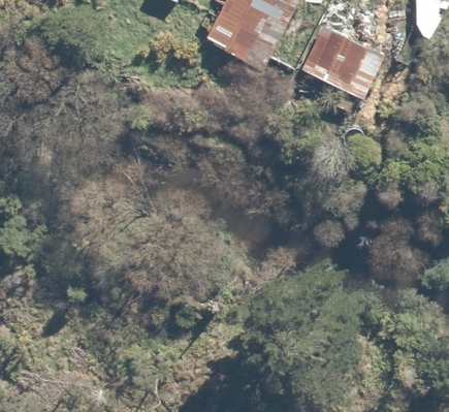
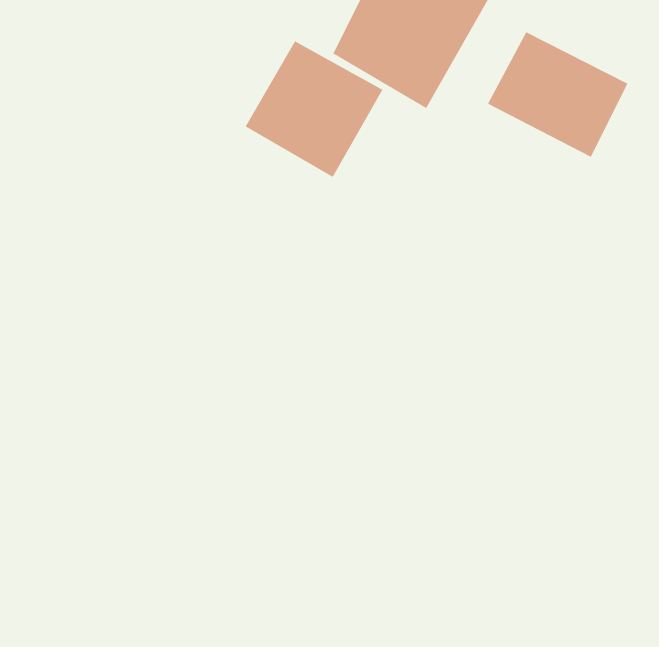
building: none -> [245,40,383,178]

